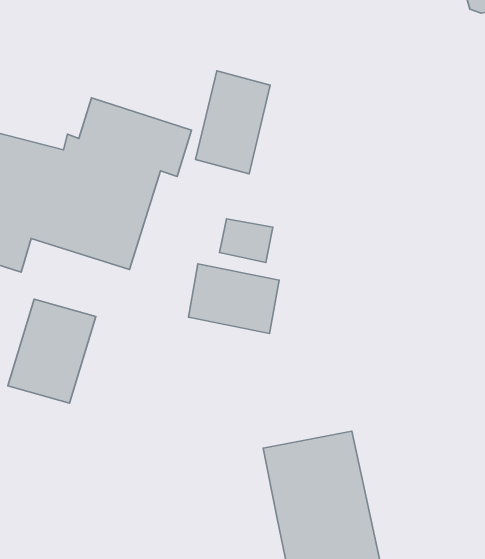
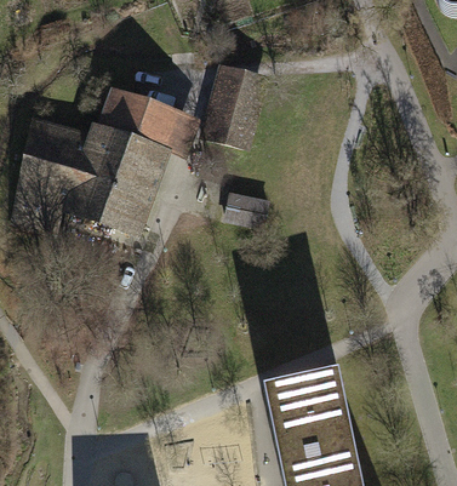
building: [189,264,279,333] -> none
building: [8,299,96,403] -> none

